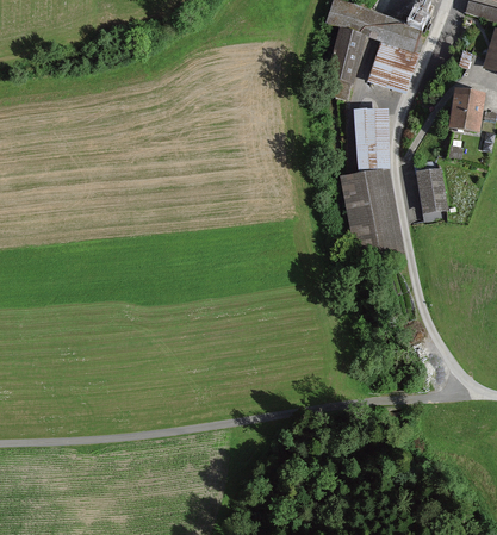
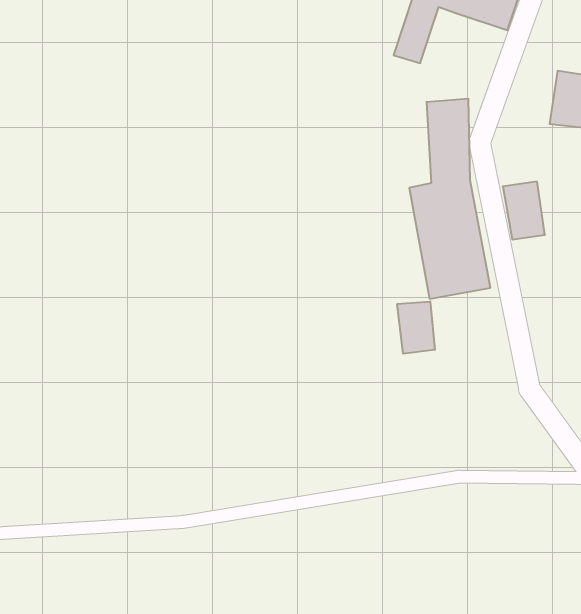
building: [364,39,416,92] -> none
building: none -> [397,301,435,354]

